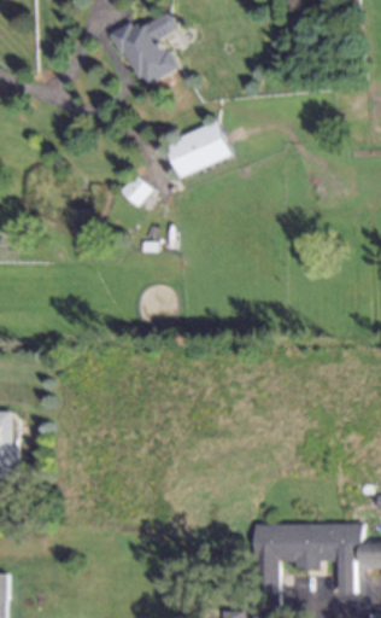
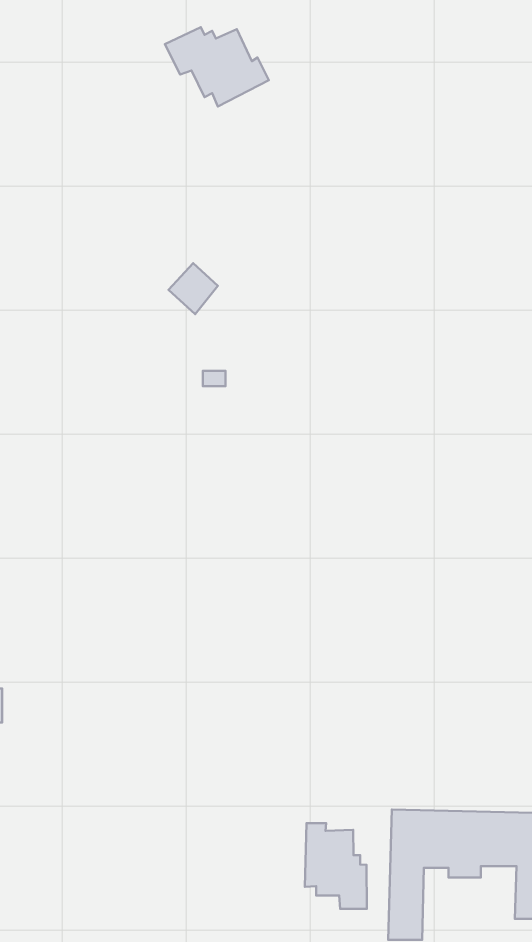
building: [163,121,228,177] -> none
building: none -> [305,823,367,909]

